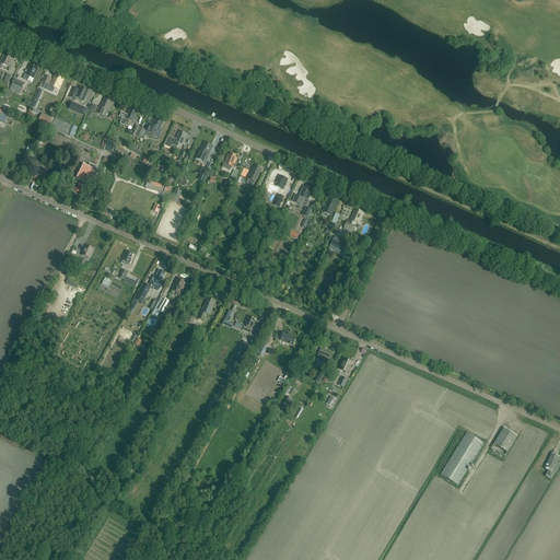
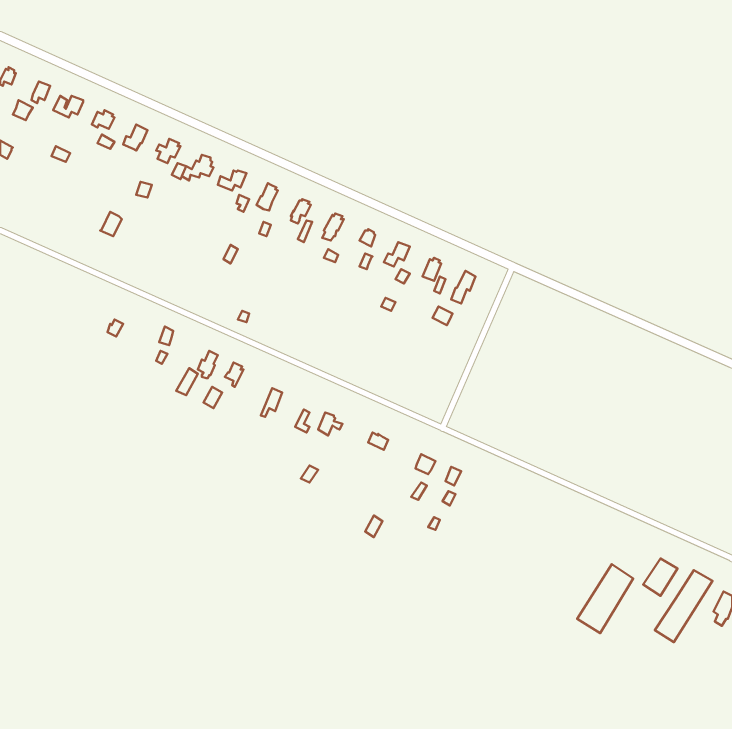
building: none -> [655,570,712,642]

